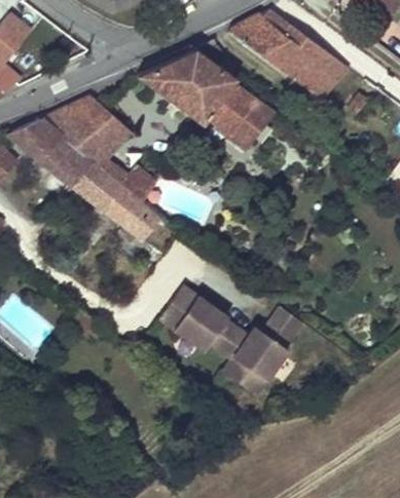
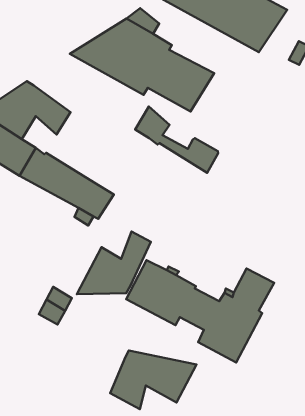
building: [79,130,156,202] -> [135,106,218,173]
building: none -> [77,231,151,294]
building: none -> [110,351,197,409]

